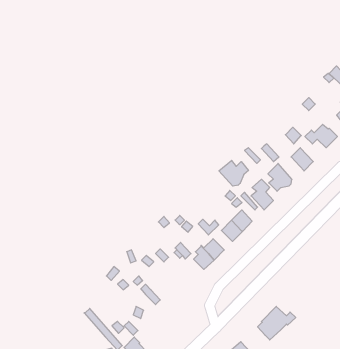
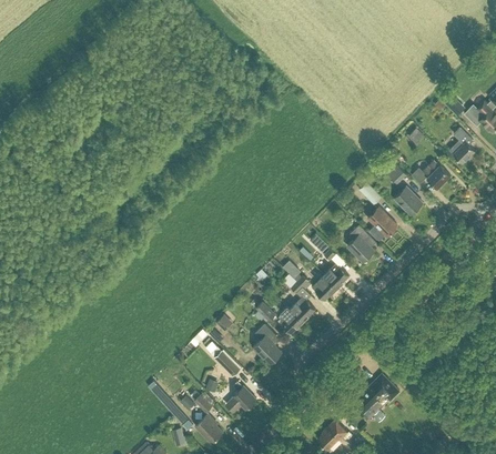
building: [219,160,248,186] -> none
building: none -> [253,323,282,363]
building: none -> [227,381,257,411]

